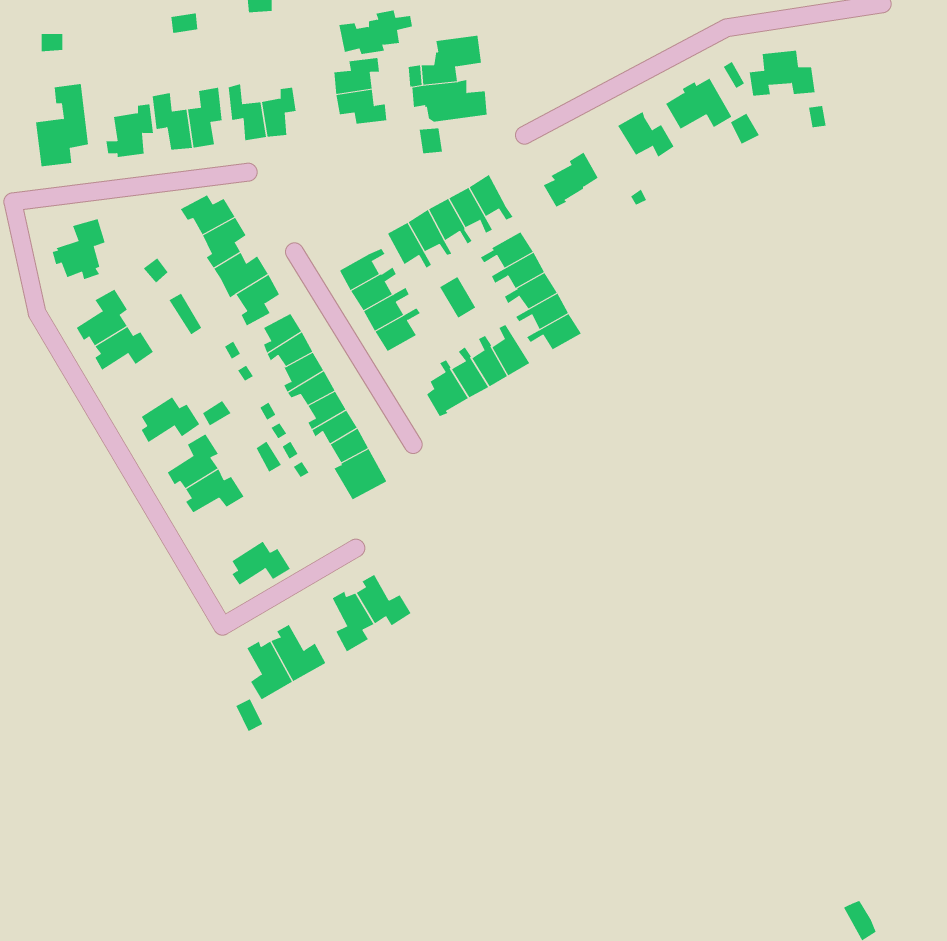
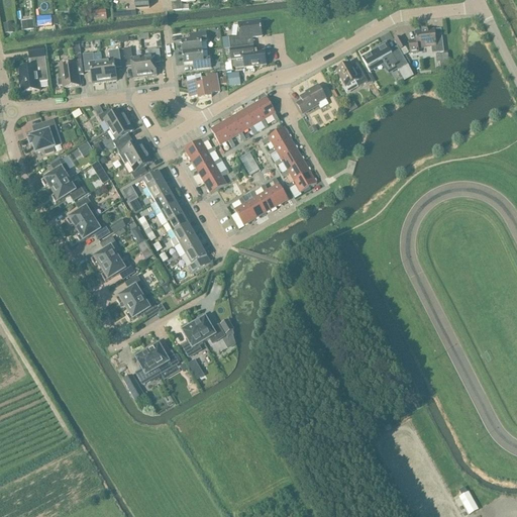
building: [339,10,413,54] -> [187,73,227,97]
building: none -> [67,197,94,227]
building: none -> [116,276,143,306]

